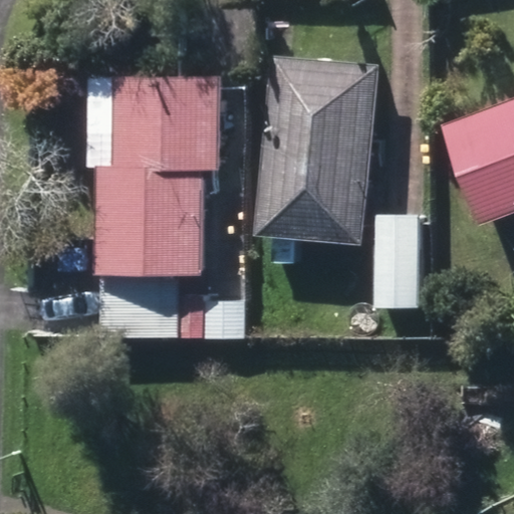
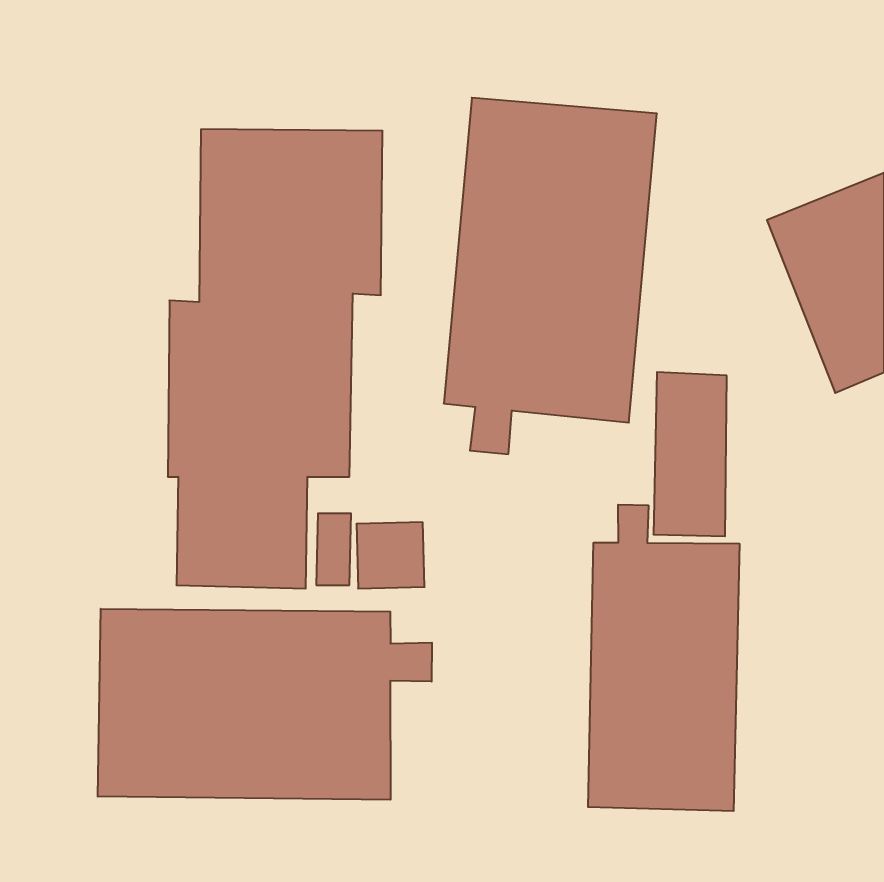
building: none -> [588,505,739,811]
building: none -> [98,609,432,800]

